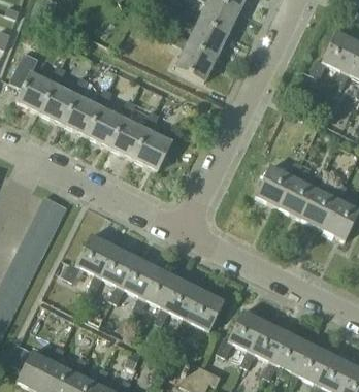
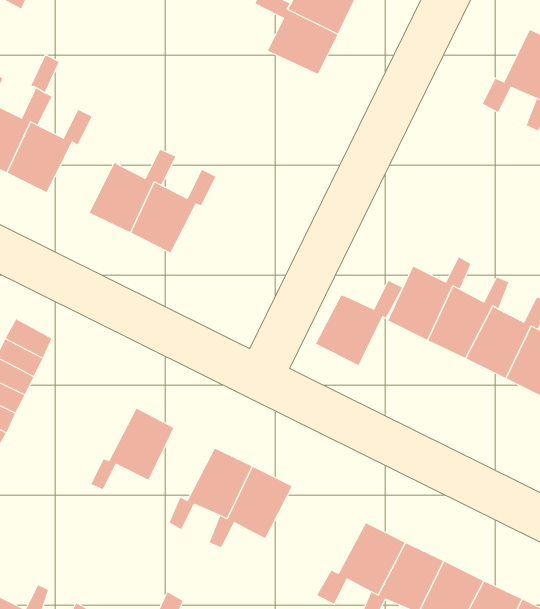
building: [168,31,217,80] -> none
building: [63,88,112,135] -> none
building: [133,122,183,170] -> [315,280,403,366]
building: [64,234,113,282] -> none
building: [110,257,158,303] -> none
building: [177,290,225,336] -> none

